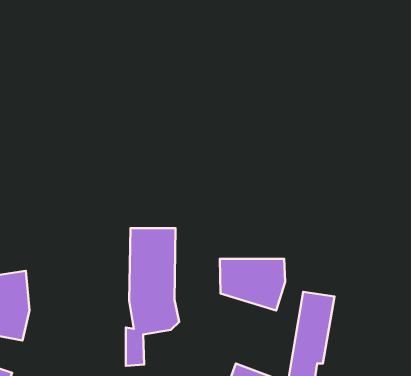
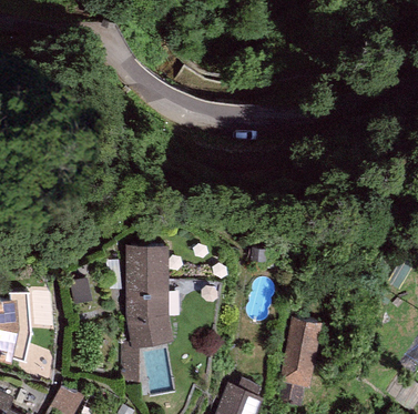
building: [220,259,285,310] -> none

